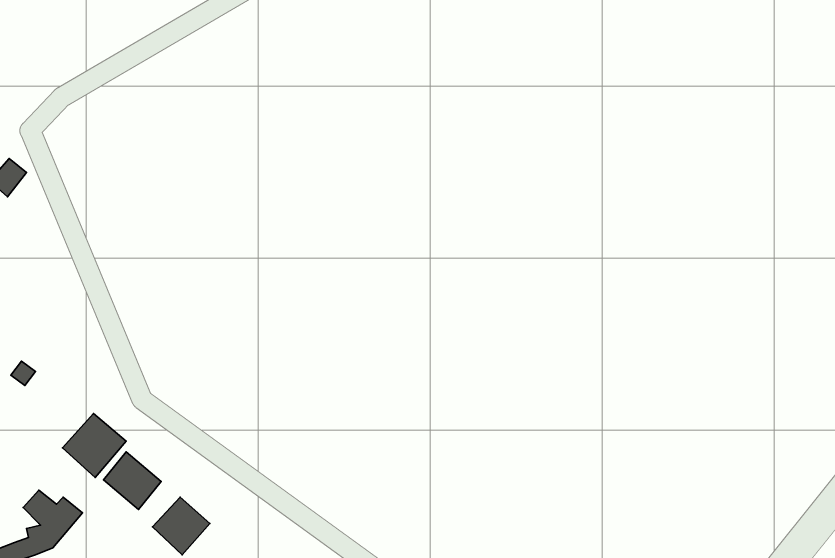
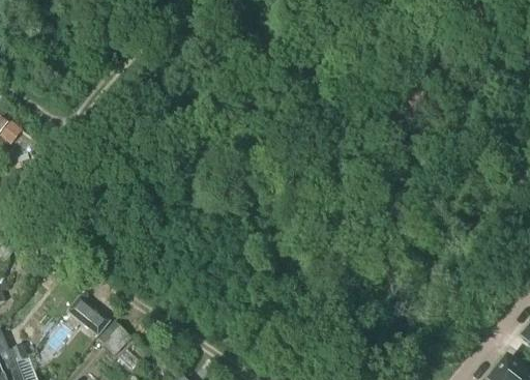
building: [63,414,126,478] -> none

